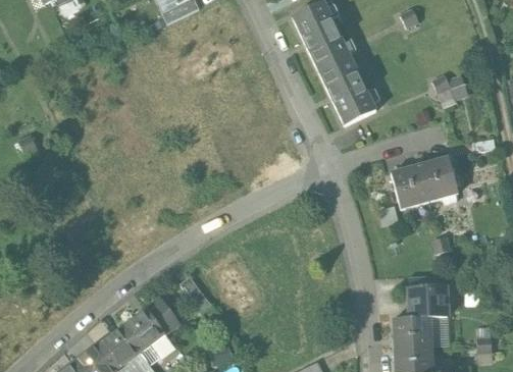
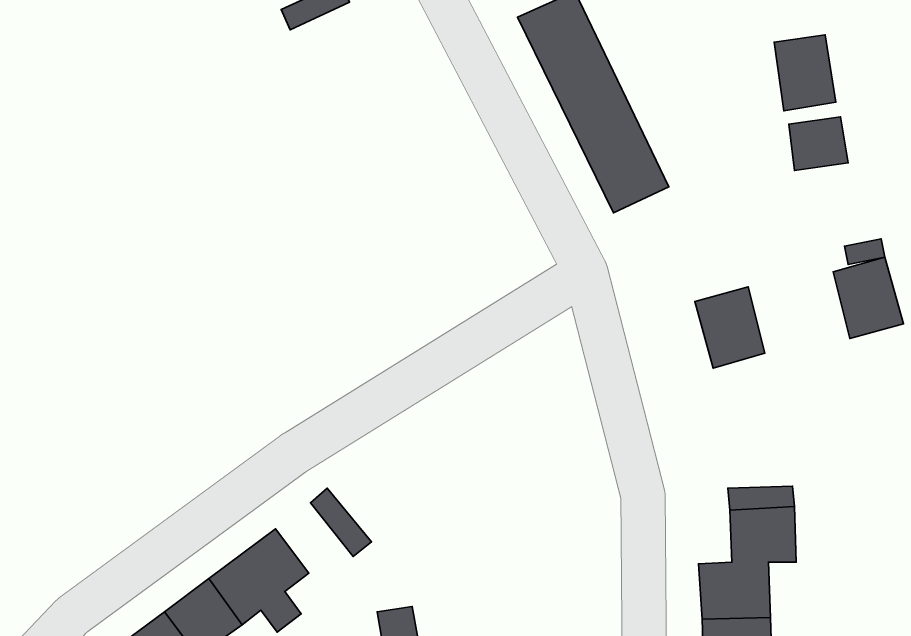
building: none -> [774,35,836,111]
building: [420,157,459,202] -> [833,257,903,338]

